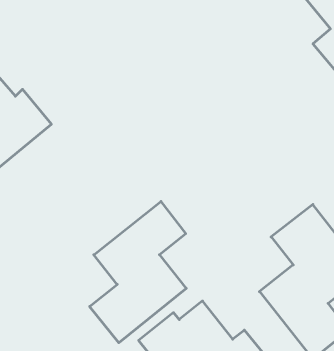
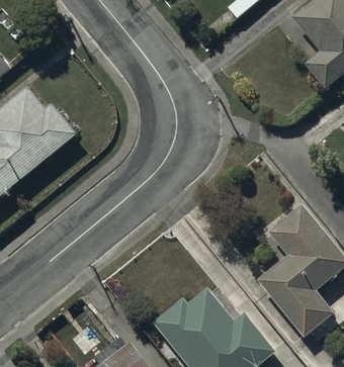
building: [90,201,186,343] -> none

